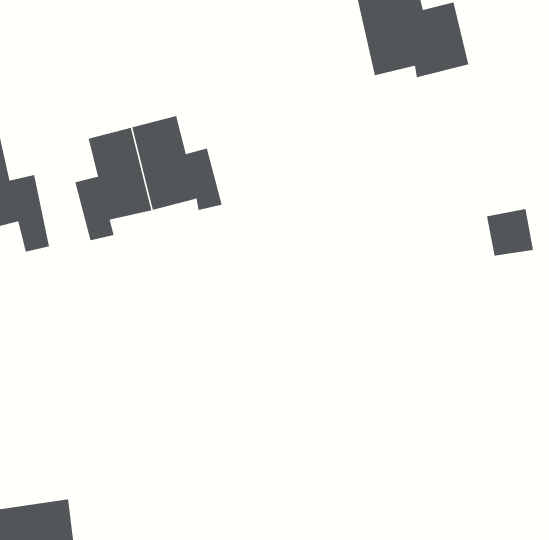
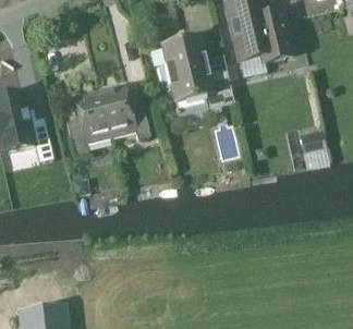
building: none -> [160,34,235,108]

